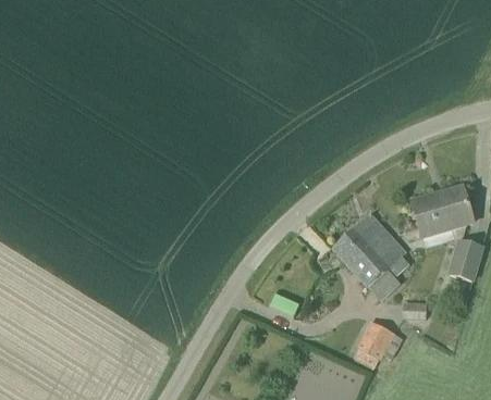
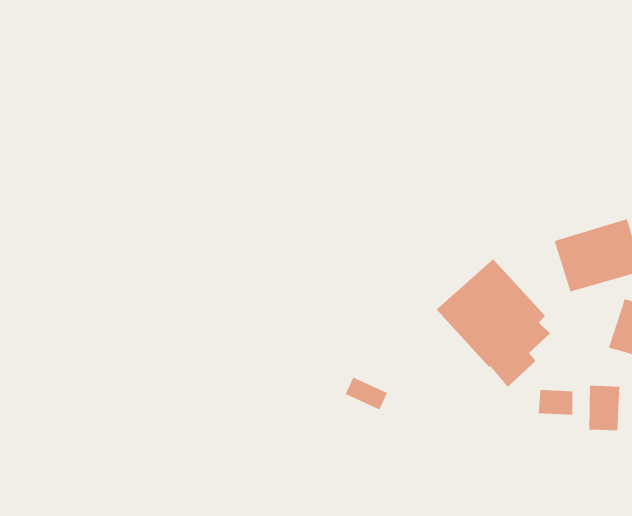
building: none -> [589,385,620,431]
building: [357,322,393,360] -> none

